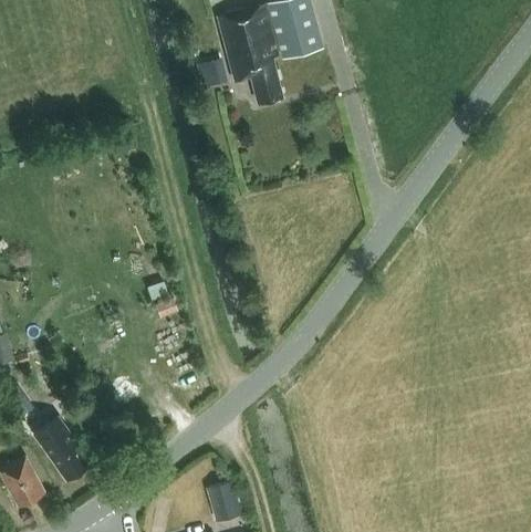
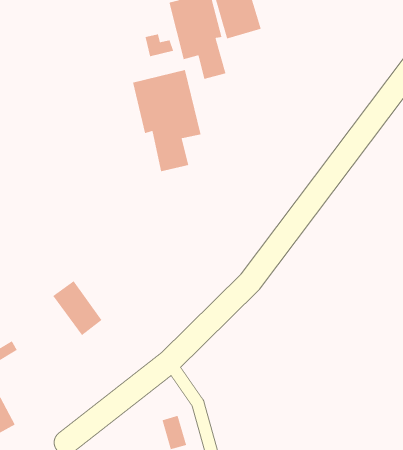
building: none -> [132,69,201,172]
building: [34,418,91,481] -> [52,280,102,336]

